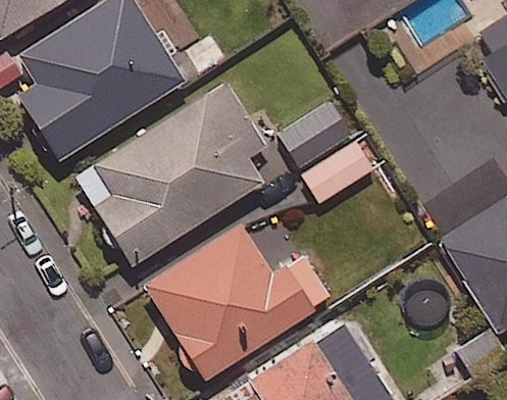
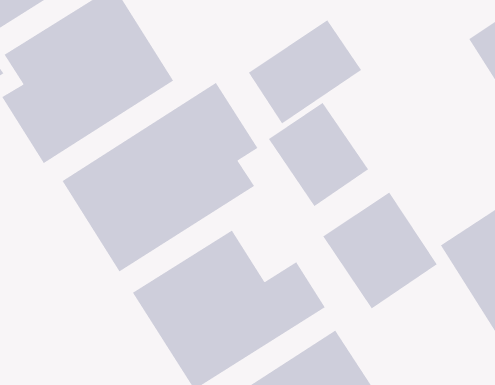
building: none -> [248,19,362,125]
building: none -> [322,192,438,309]

